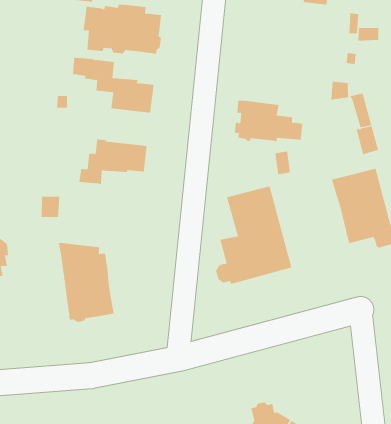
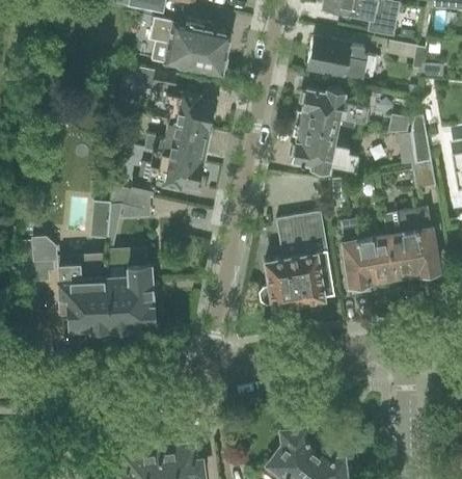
building: none -> [307,37,376,80]
building: none -> [297,87,370,132]
building: none -> [147,121,212,161]
building: none -> [113,187,151,211]
building: none -> [342,219,395,294]
building: none -> [60,259,110,335]

